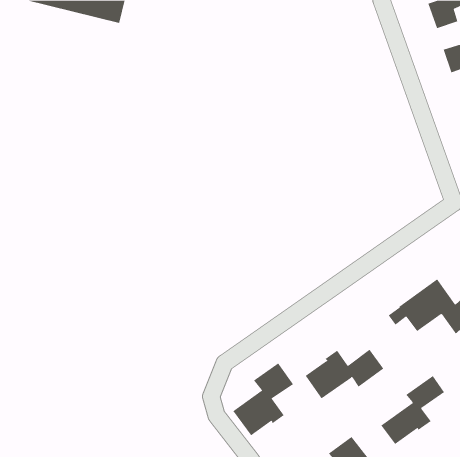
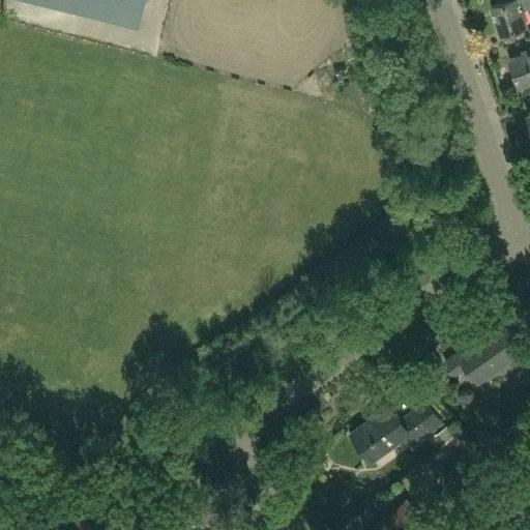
building: [232,363,294,436] -> none
building: [381,375,445,445] -> none

